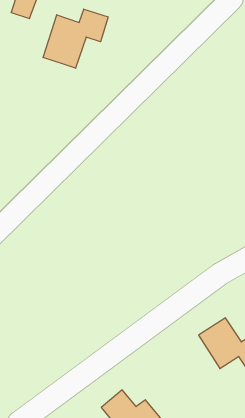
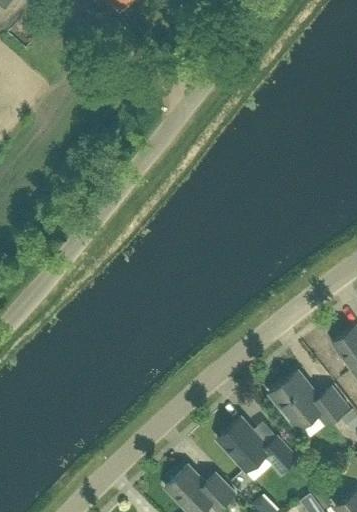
building: [43,9,108,68] -> none
building: none -> [217,418,296,472]

